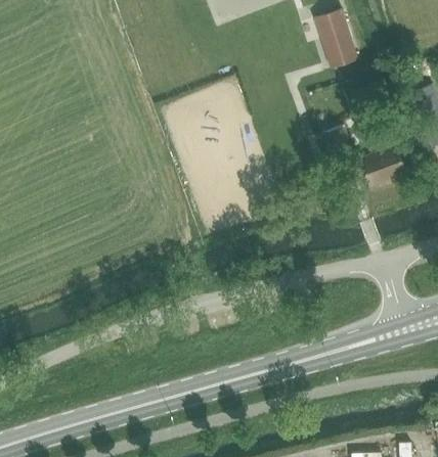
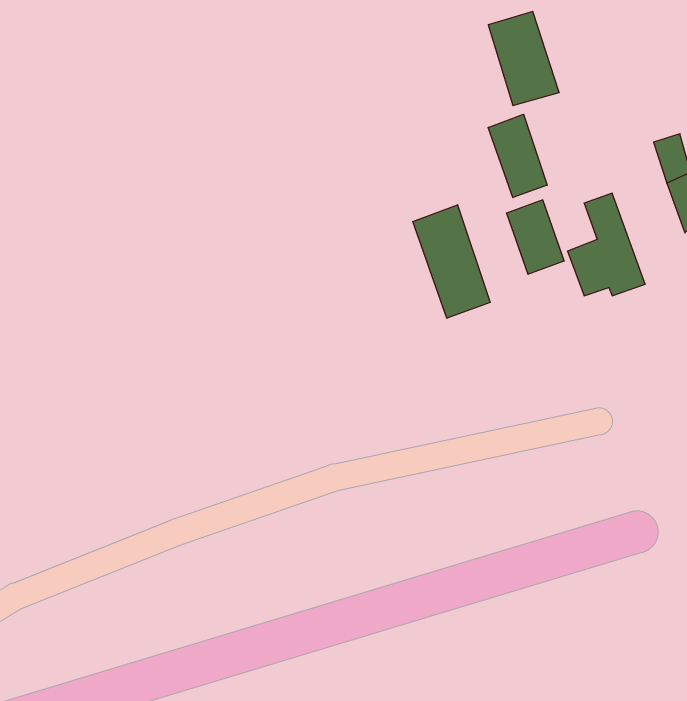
building: none -> [488,114,547,198]
building: none -> [413,205,490,318]

